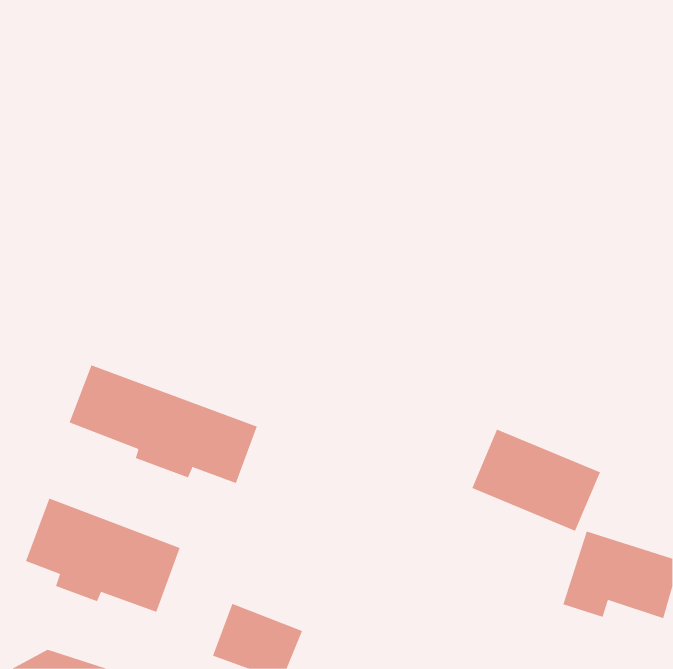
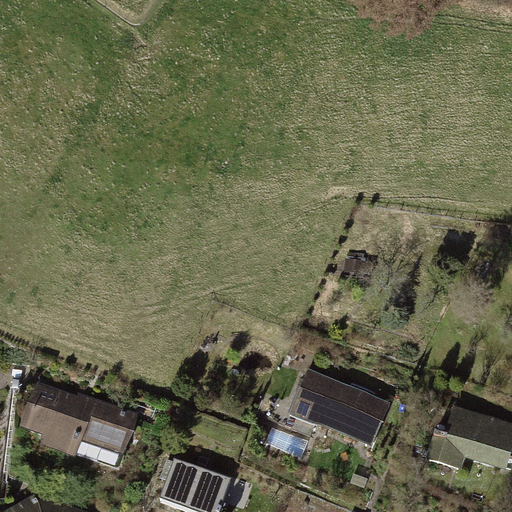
building: [69,364,258,484] -> none
building: [472,429,601,532] -> [290,370,388,448]

